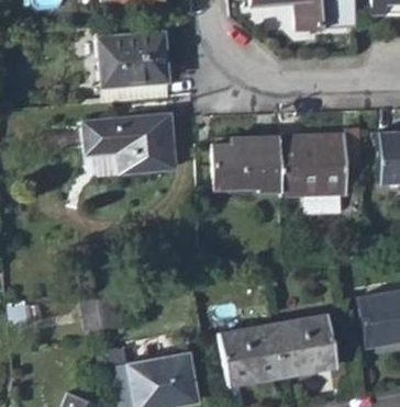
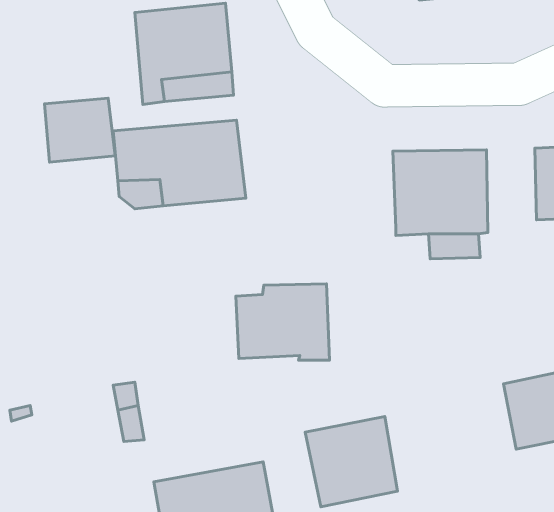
building: none -> [45,98,115,162]
building: [214,135,280,189] -> [236,284,330,360]
building: [273,312,335,374] -> none

